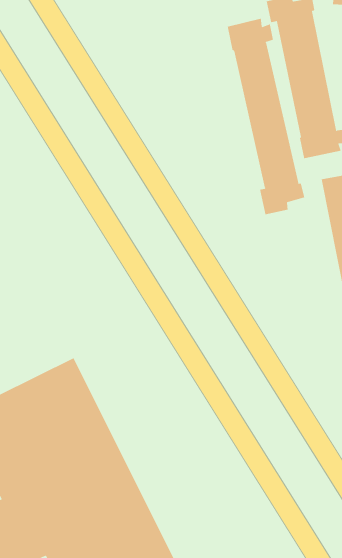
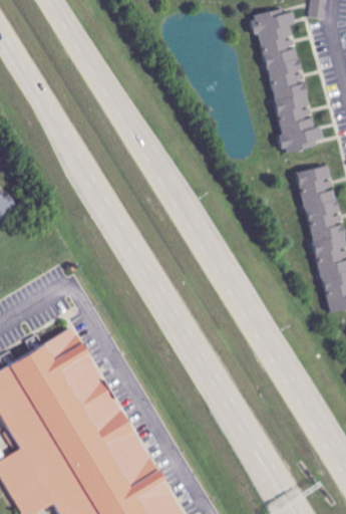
building: [227,18,305,215] -> none

